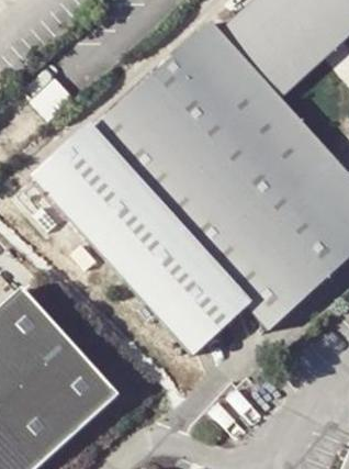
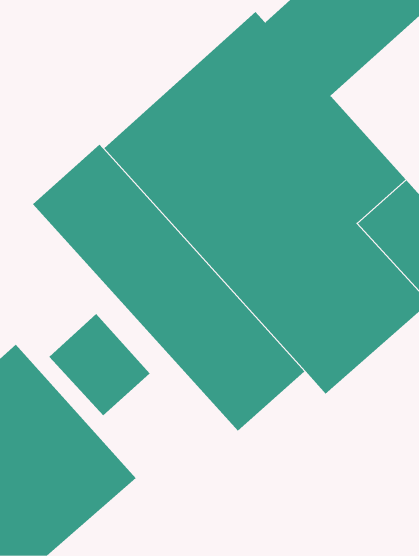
building: none -> [49,313,151,416]

